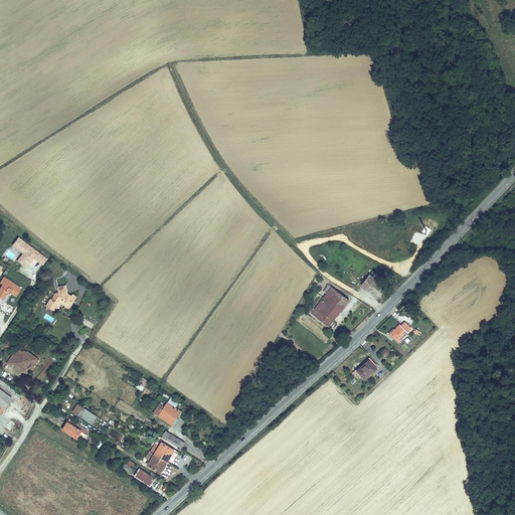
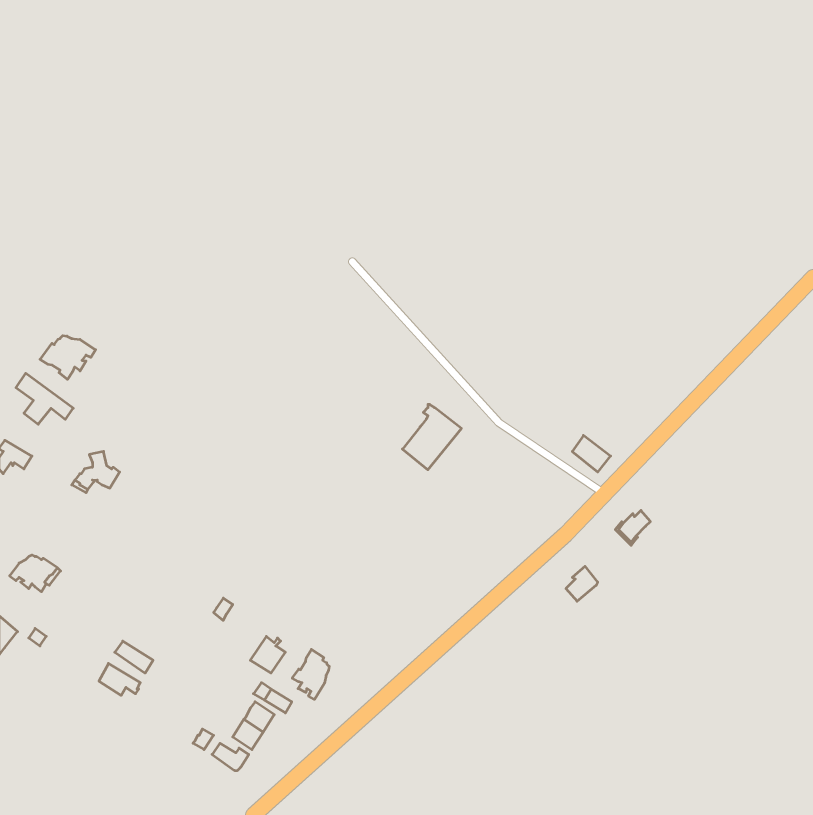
building: none -> [40,336,96,379]
building: [311,285,348,326] -> [402,404,461,470]
building: none -> [292,649,329,699]

